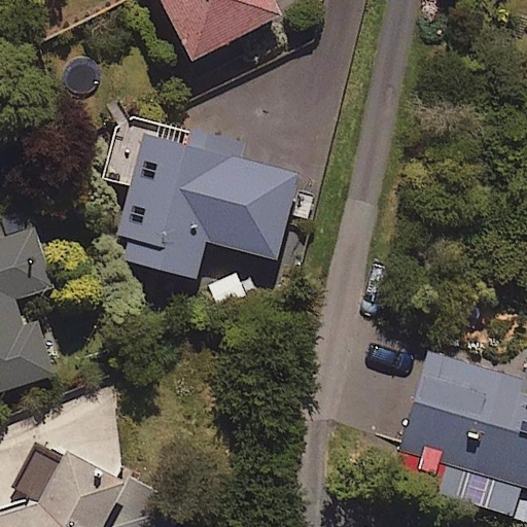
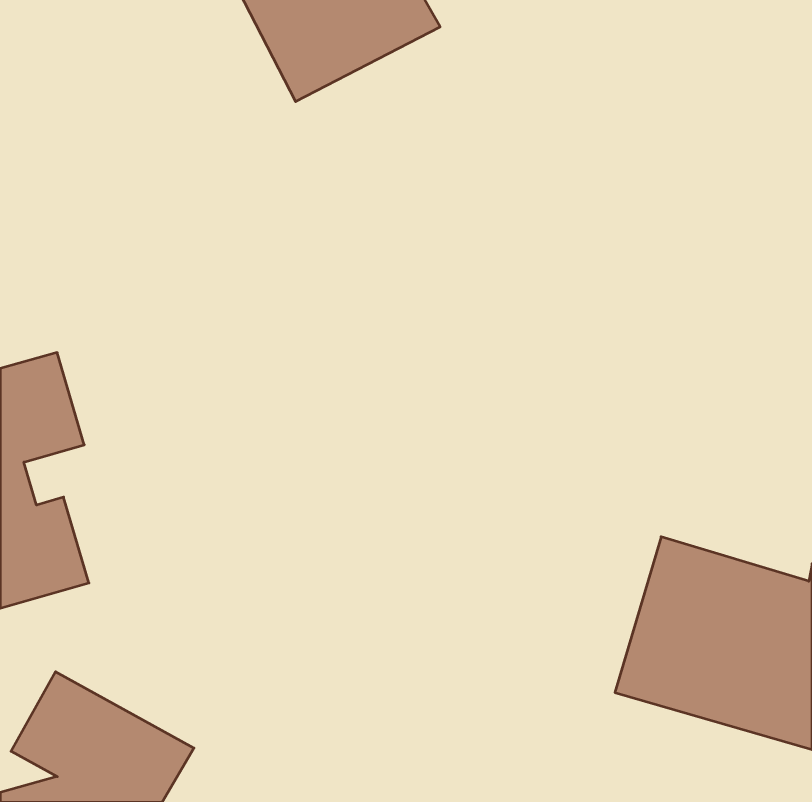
building: [117,126,300,279] -> none

